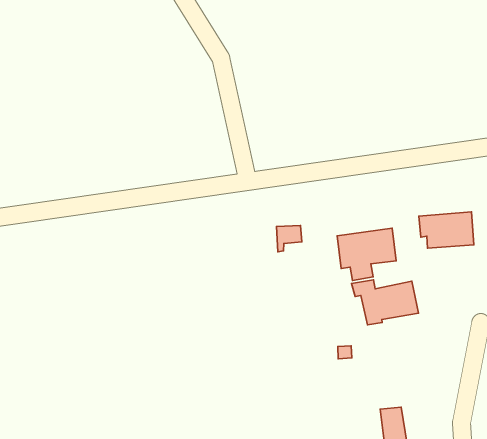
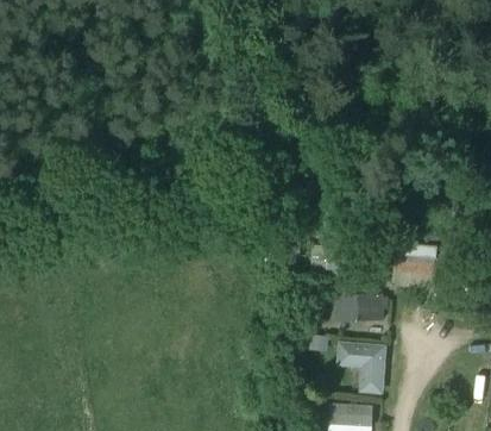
building: none -> [339,346,383,393]

